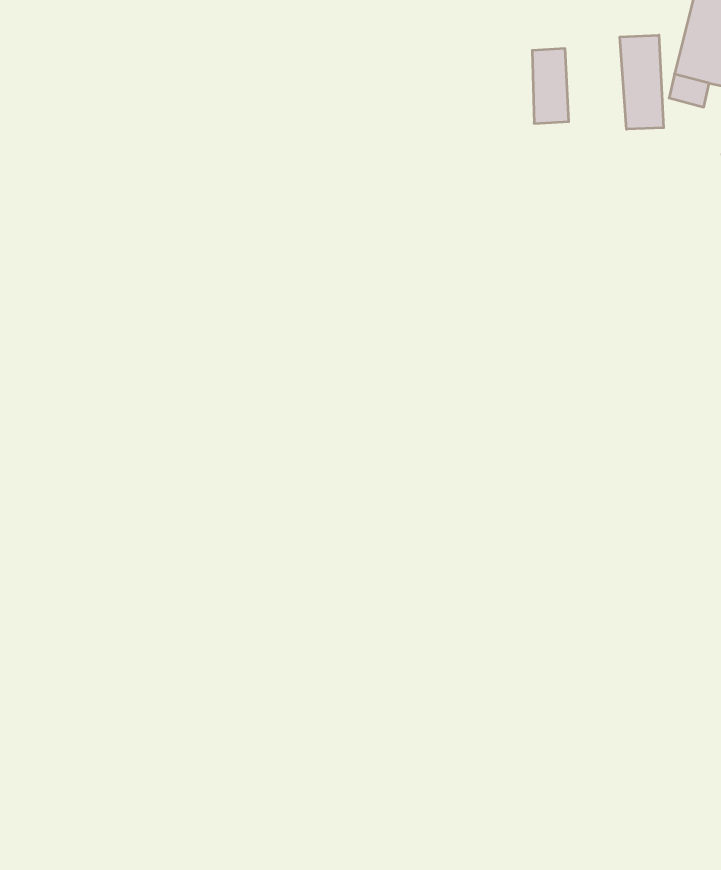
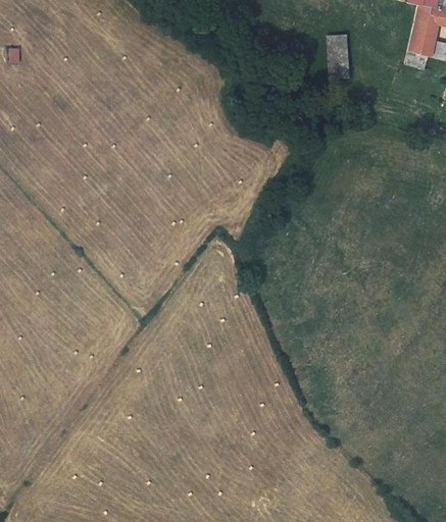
building: [620,35,664,129] -> none

